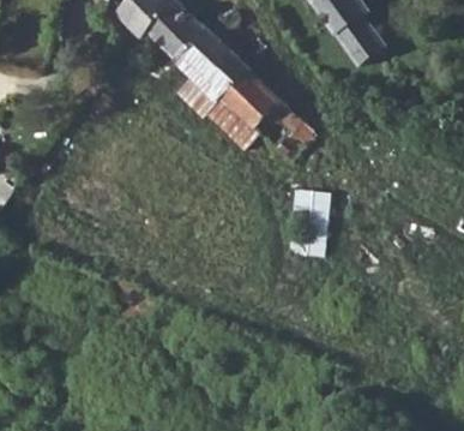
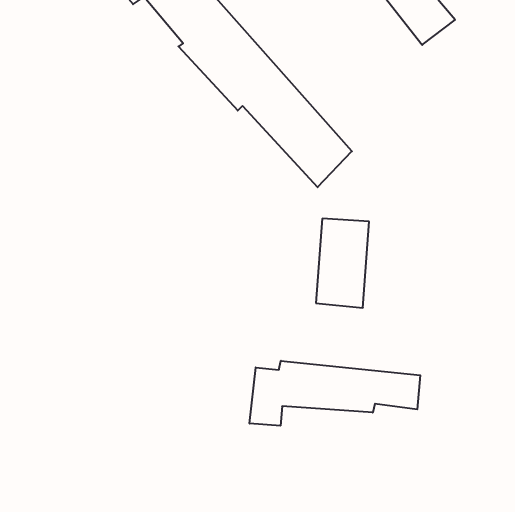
building: none -> [250,361,420,426]

